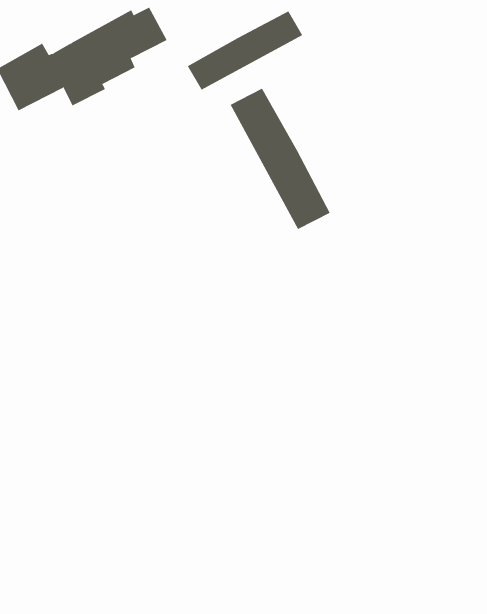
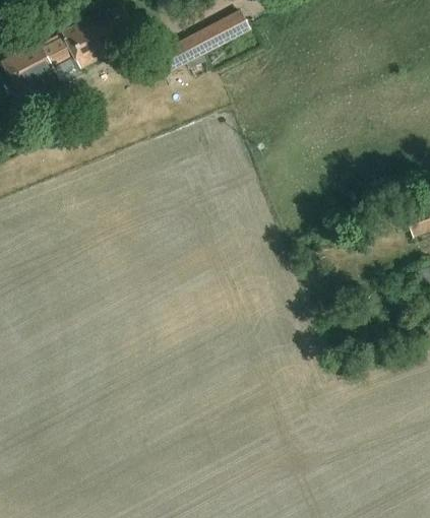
building: [230,88,330,230] -> none

